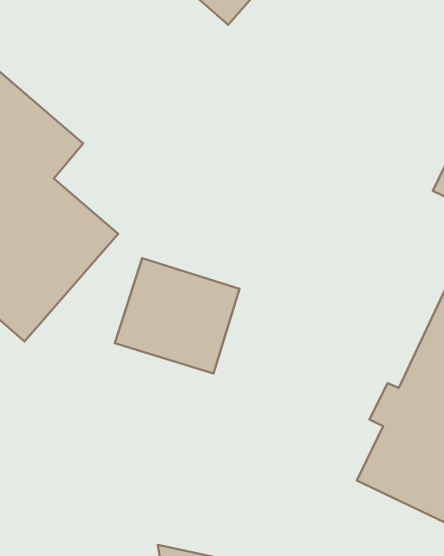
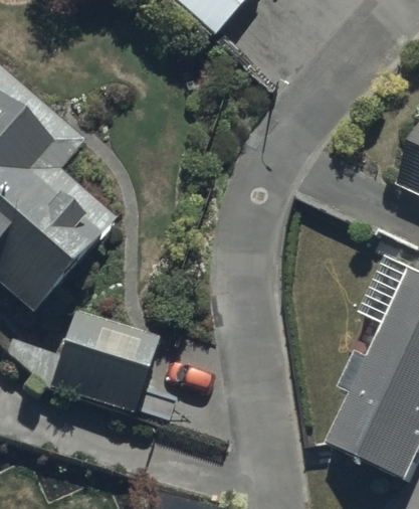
building: [115,258,239,374] -> [49,311,160,413]

